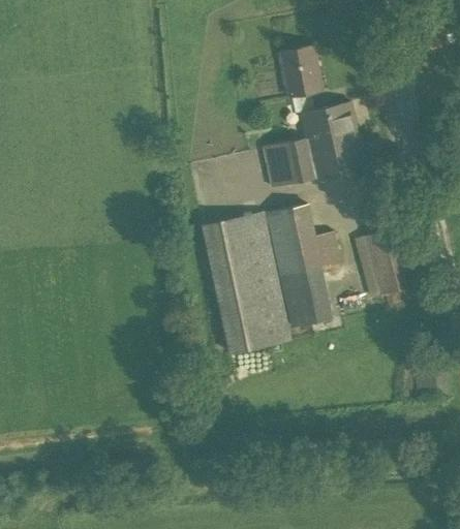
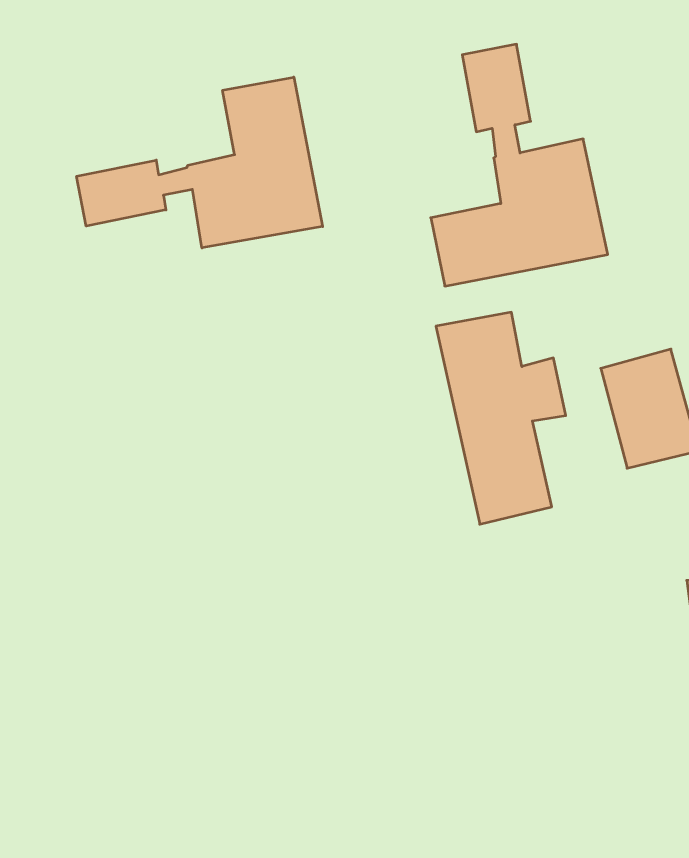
building: none -> [77,77,323,248]
building: [201,211,292,354] -> none

